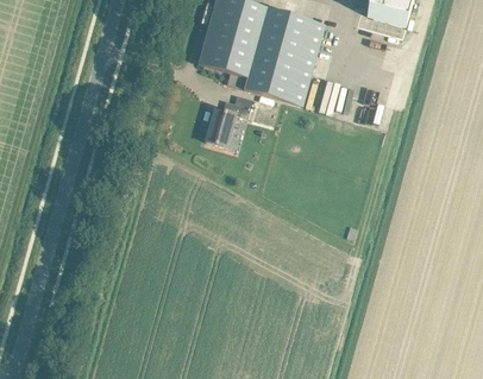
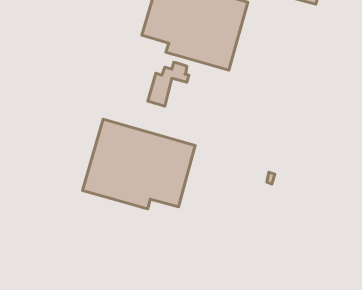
building: none -> [83,119,195,209]

